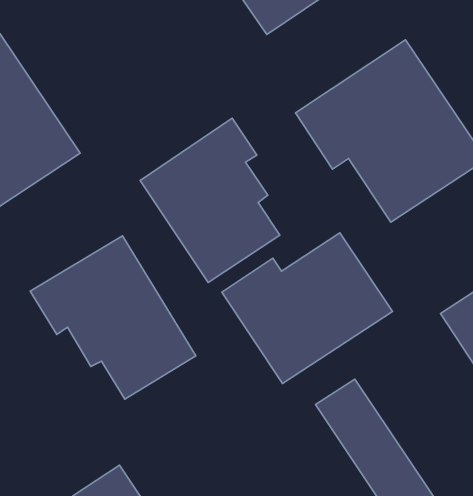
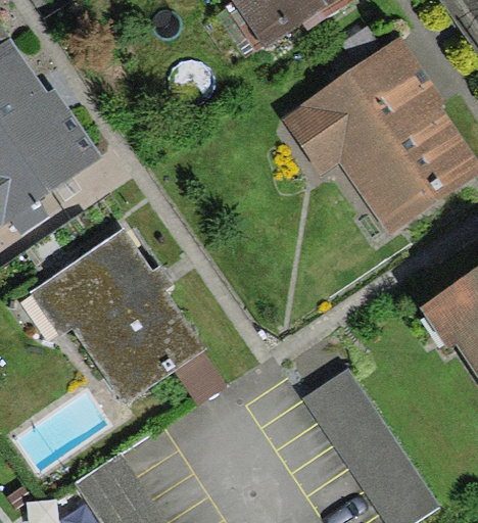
building: [140,118,280,283] -> none
building: [222,233,393,384] -> none

